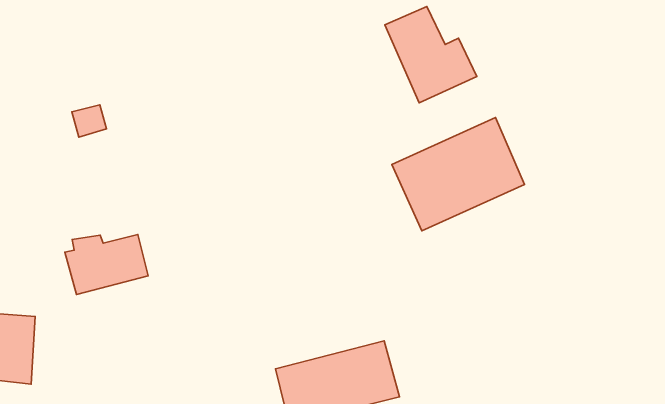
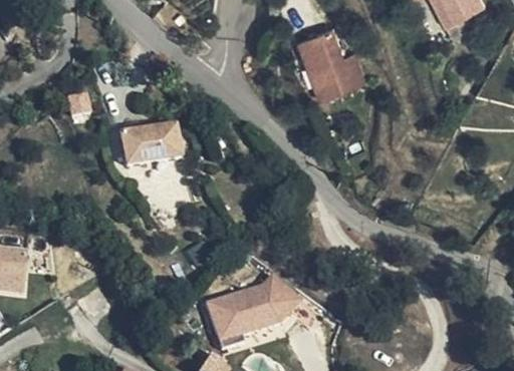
building: [392,118,524,231] -> none
building: [65,234,148,295] -> [118,125,180,168]

